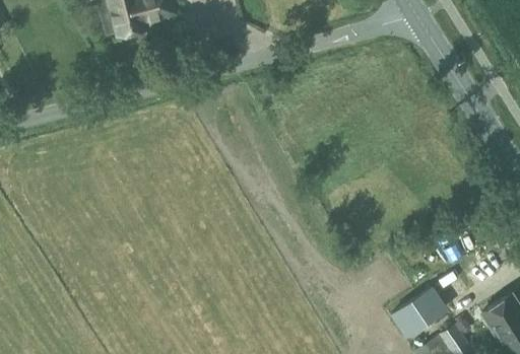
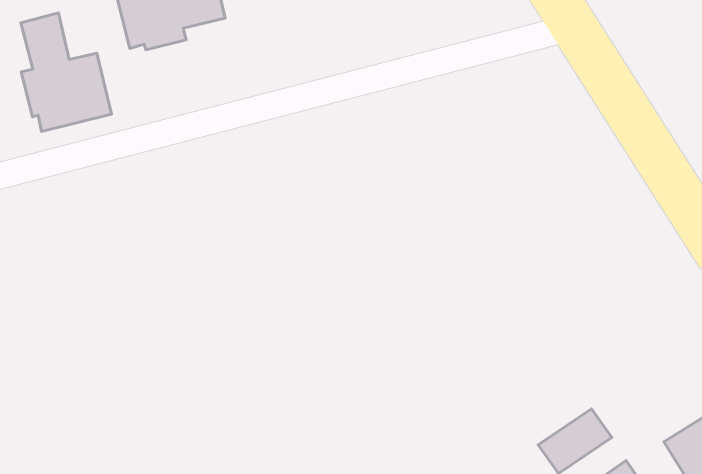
building: none -> [21,13,111,132]

